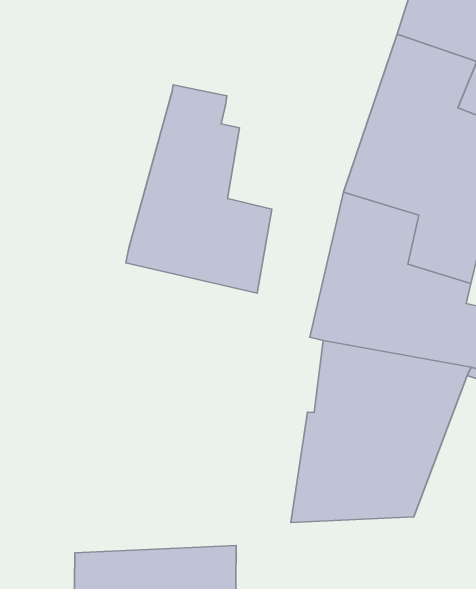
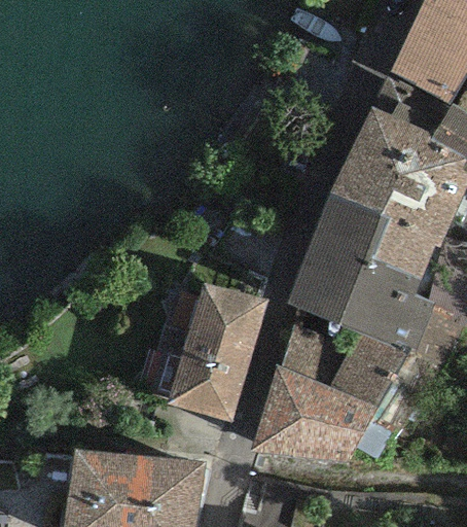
building: [126,85,272,293] -> none
building: none -> [169,282,268,422]

